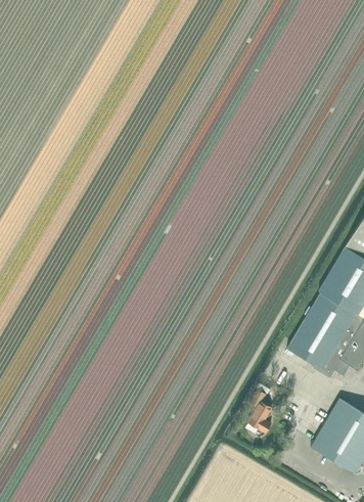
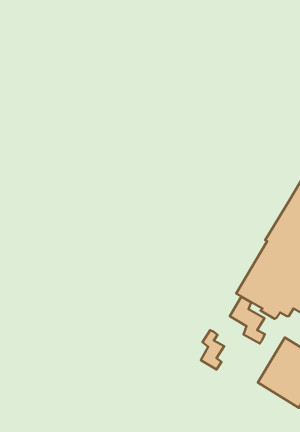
building: none -> [230,297,265,344]

